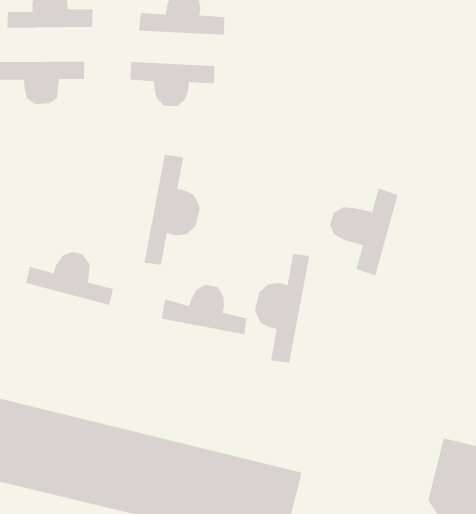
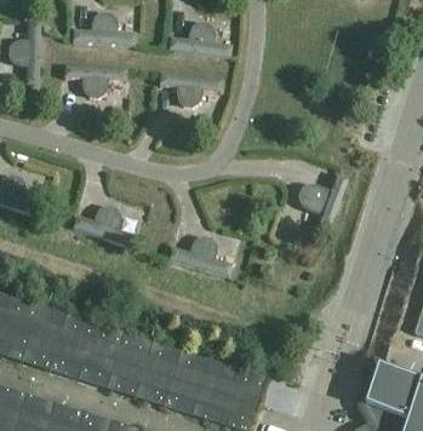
building: [144,154,200,266] -> none
building: [254,253,310,364] -> none

